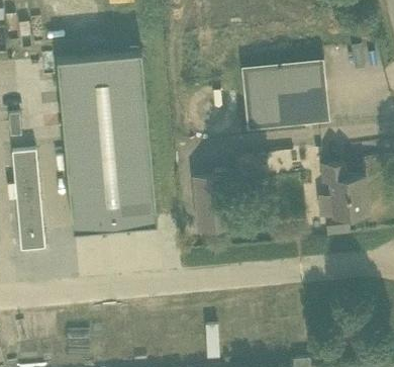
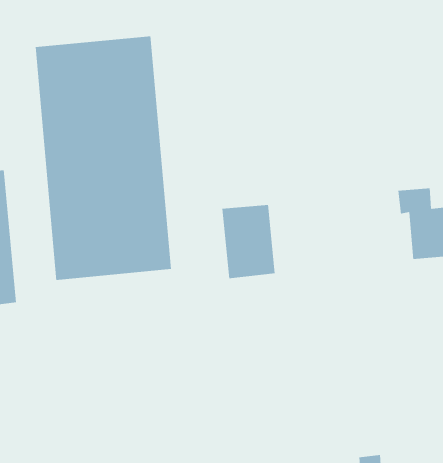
building: [240,60,328,130] -> none

